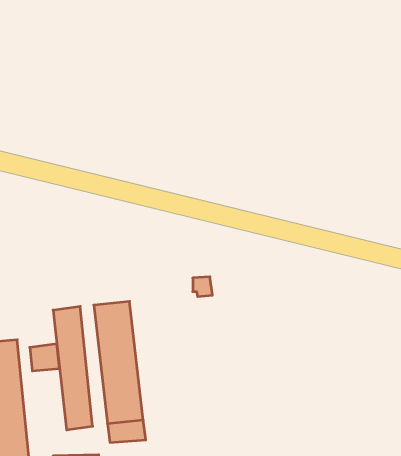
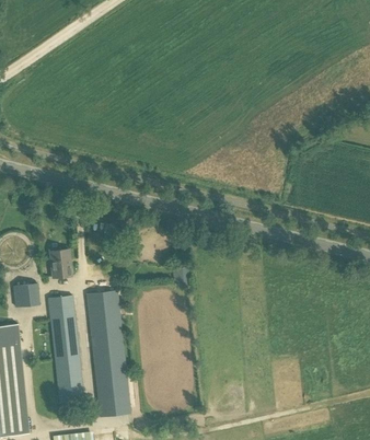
building: none -> [48,248,71,278]
building: [30,344,59,371] -> [12,282,38,306]

